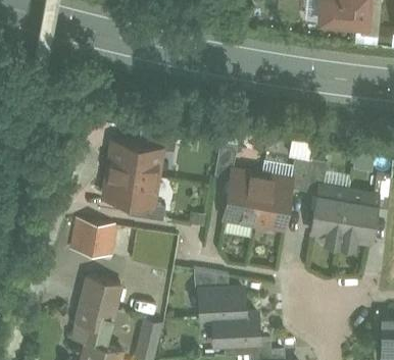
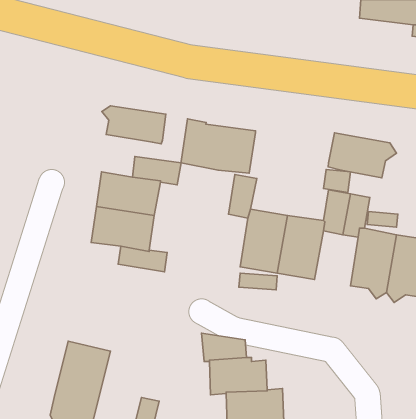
building: none -> [102,106,166,144]
building: none -> [181,119,256,173]
building: none -> [328,133,396,178]
building: [70,219,116,257] -> none

